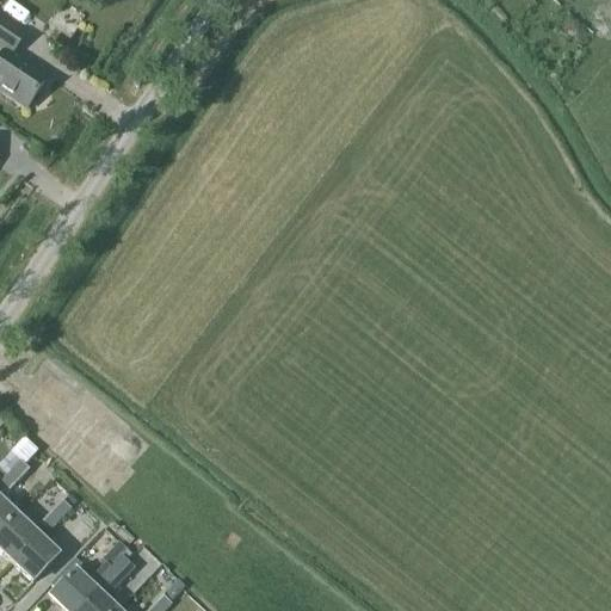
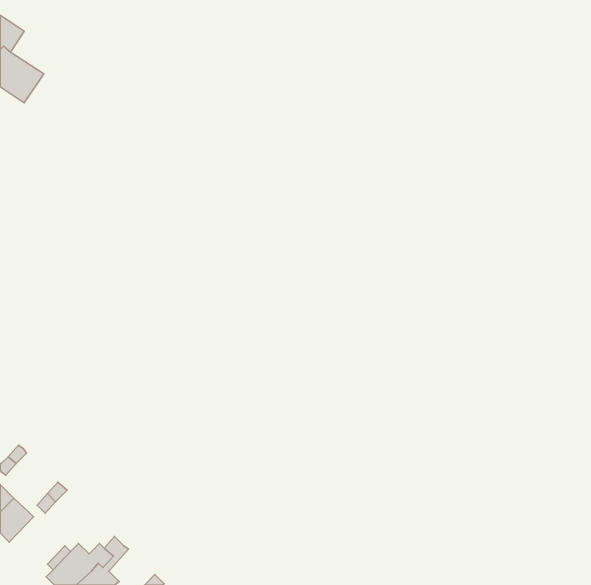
building: [10,533,56,580] -> none

